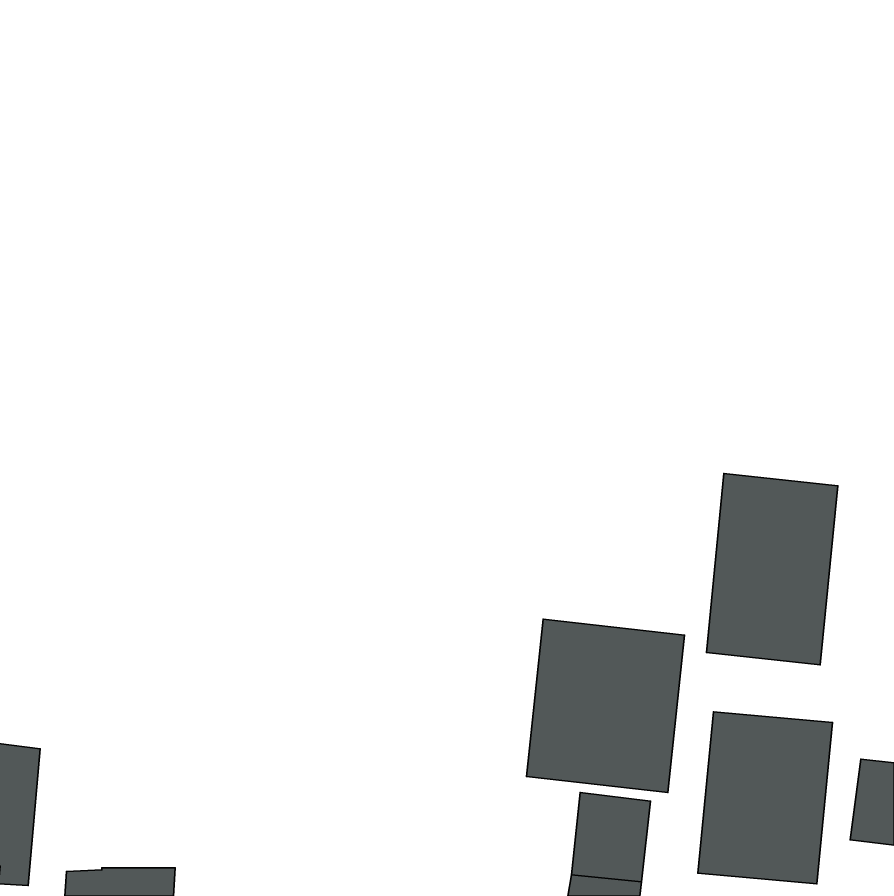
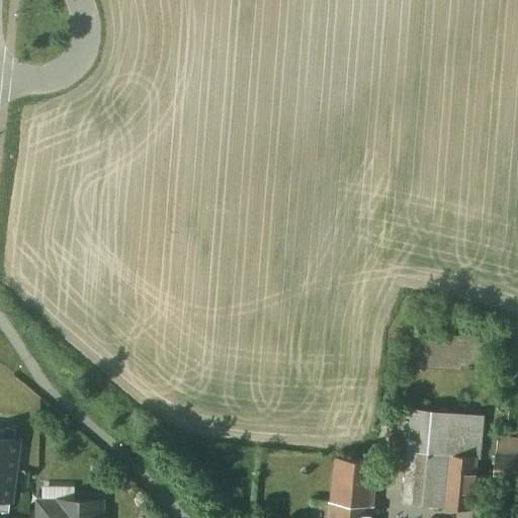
building: [706,474,838,665] -> none
building: [527,619,684,793] -> none

